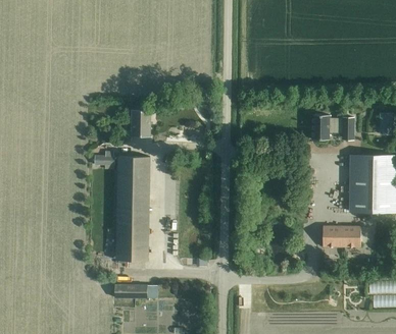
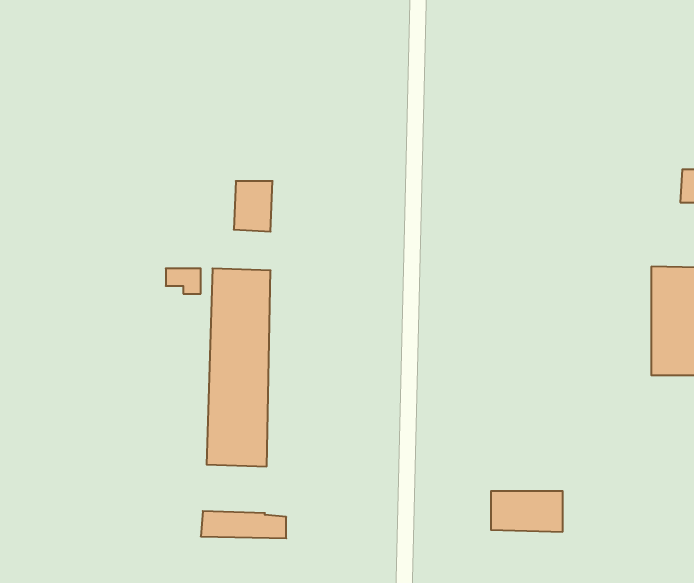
building: [311,115,353,140] -> none
building: [321,226,359,247] -> [491,491,563,532]

